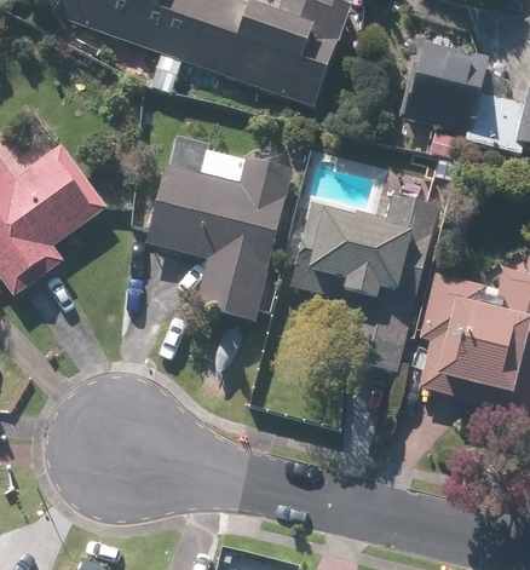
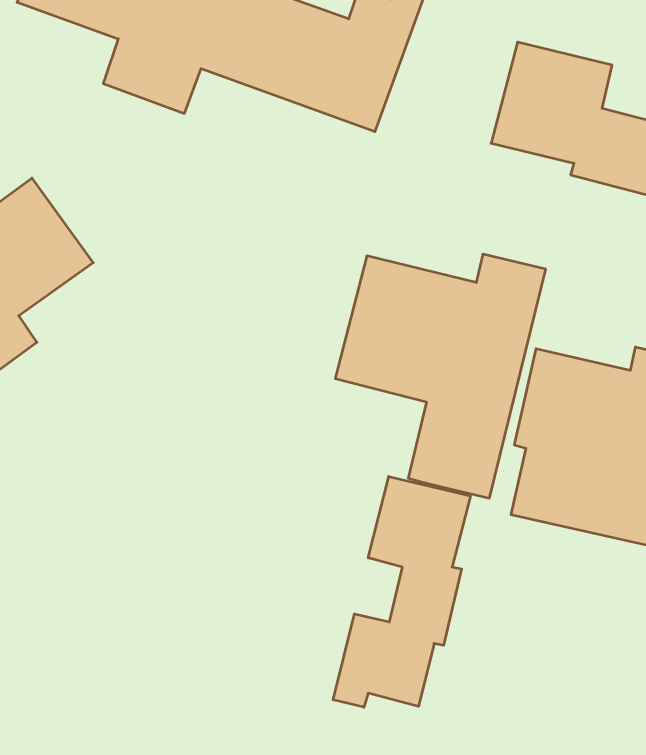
building: [142,136,293,321] -> none
building: none -> [333,476,470,707]

